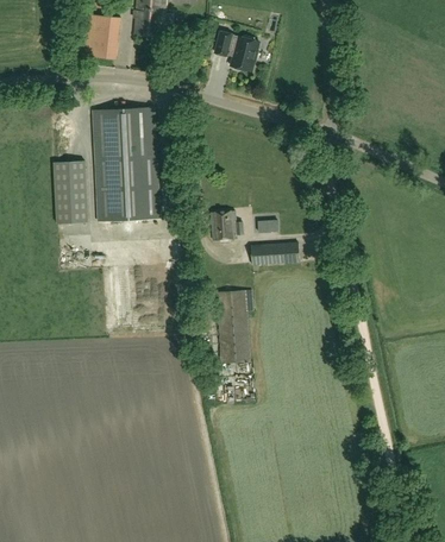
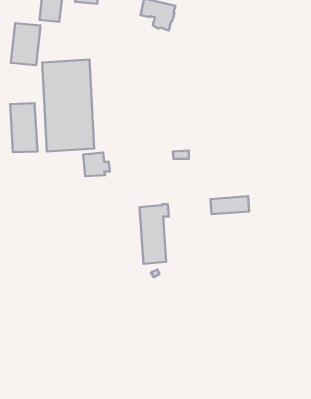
building: none -> [11,23,41,65]
building: [209,209,243,239] -> [83,153,110,176]
building: [250,241,299,264] -> [210,196,249,214]

